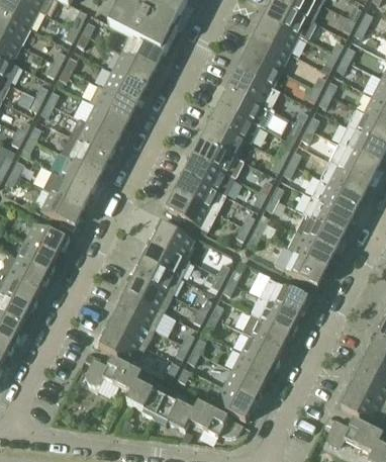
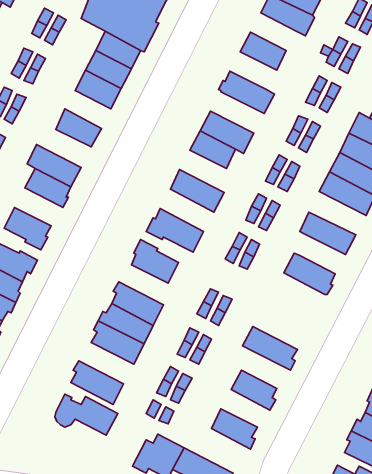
building: [256,18,298,52] -> none
building: [239,53,281,86] -> none
building: [89,84,134,120] -> none
building: [222,88,274,126] -> none
building: [69,117,117,156] -> none
building: [195,140,244,177] -> none
building: [42,170,90,206] -> none
building: [178,174,225,211] -> none
building: [309,176,360,214] -> none
building: [296,213,342,249] -> none
building: [141,241,190,276] -> none
building: [274,246,323,287] -> none
building: [260,277,312,315] -> none
building: [106,309,155,346] -> none
building: [243,312,293,350] -> none
building: [231,351,275,384] -> none
building: [126,372,166,419] -> none
building: [213,385,258,420] -> none

